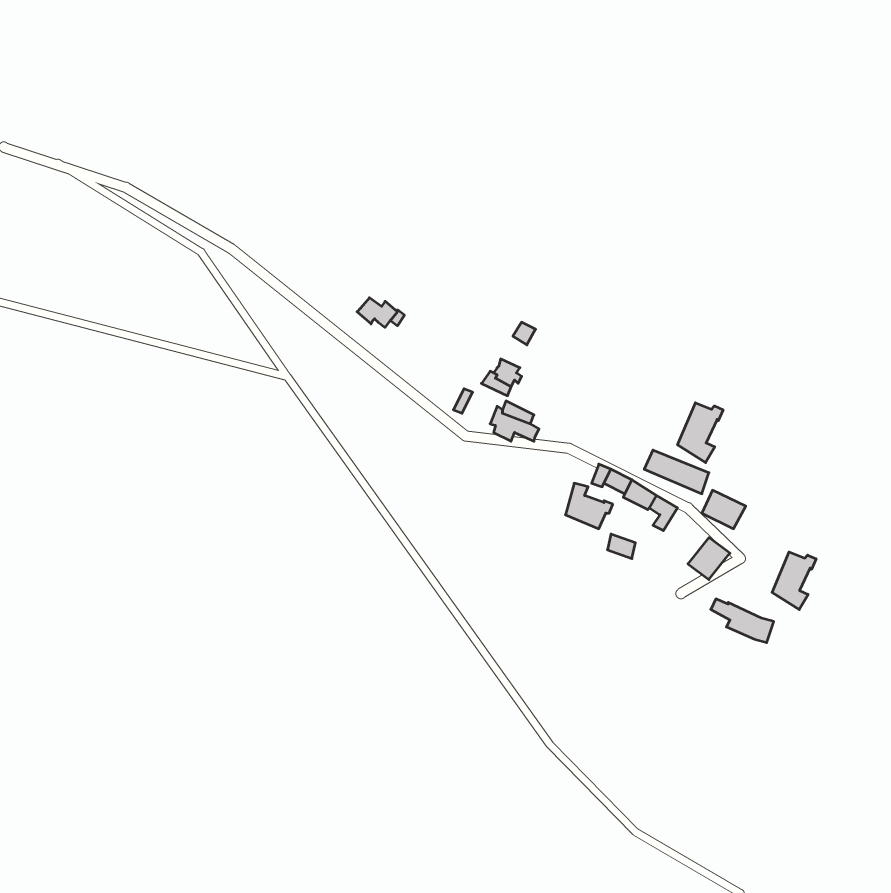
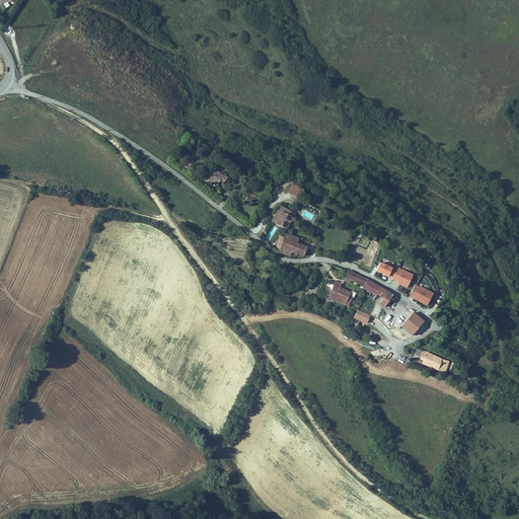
building: [678,403,723,463] -> none
building: [772,552,816,610] -> none

